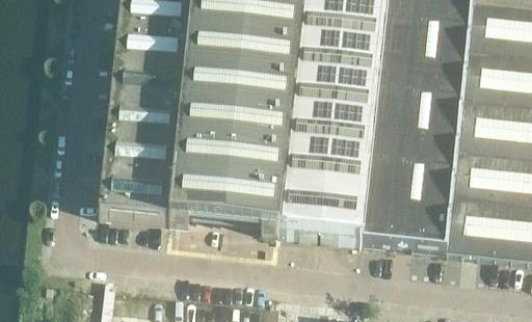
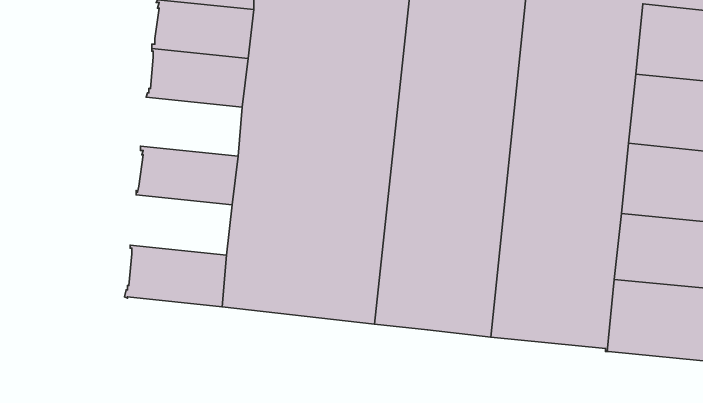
building: [116,71,190,113] -> none
building: [109,141,183,185] -> none

